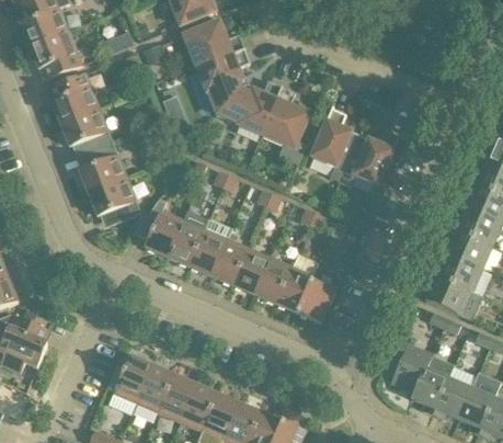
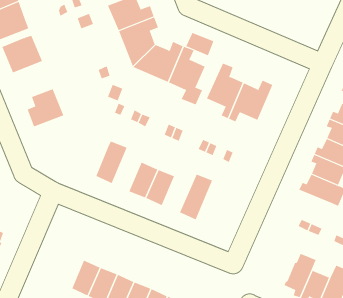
building: none -> [186,32,214,56]
building: [60,107,113,154] -> none
building: [88,178,141,224] -> none
building: [135,200,183,257] -> none
building: [190,218,231,276] -> none
building: [254,257,293,304] -> none
building: [298,264,340,323] -> none
building: [426,274,483,320] -> none
building: [391,341,433,393] -> none
building: [114,355,152,402] -> none

